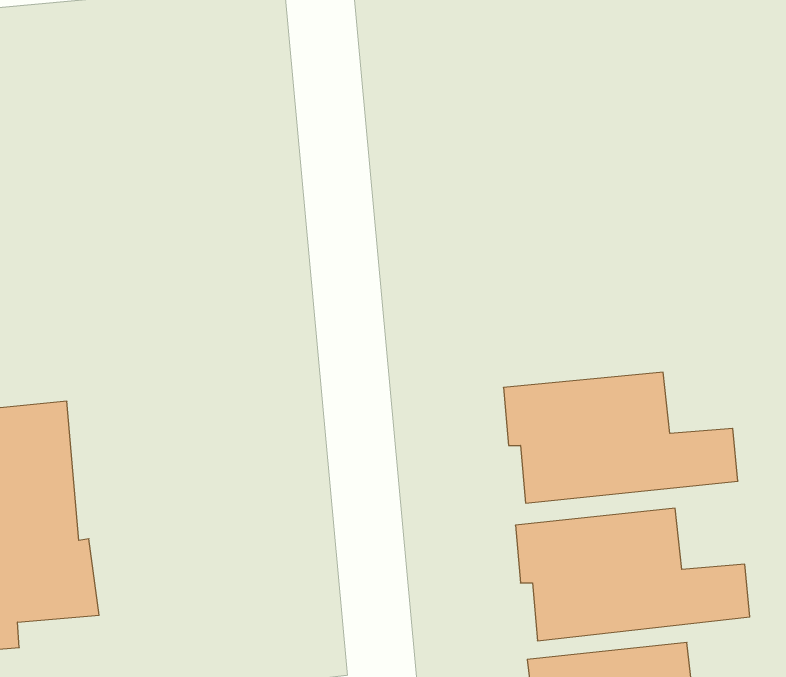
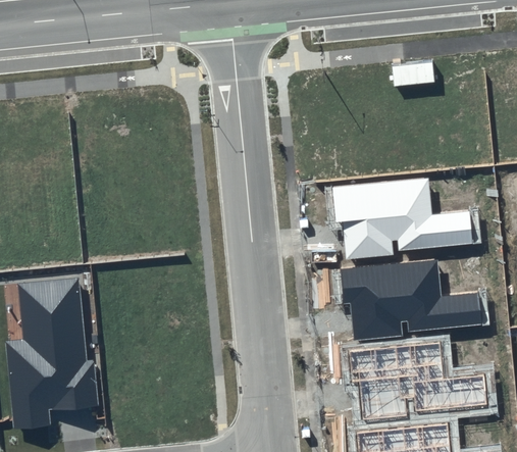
building: none -> [332,177,473,256]

